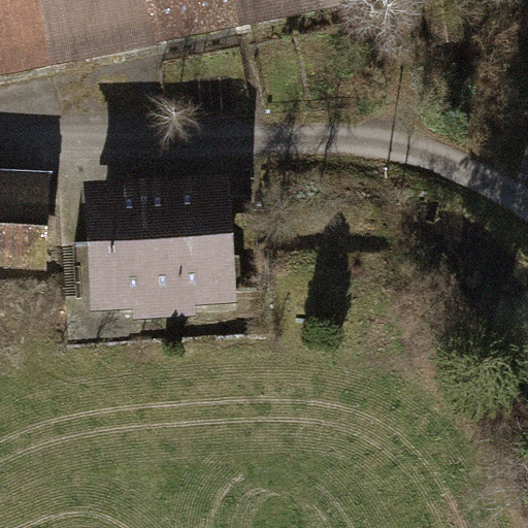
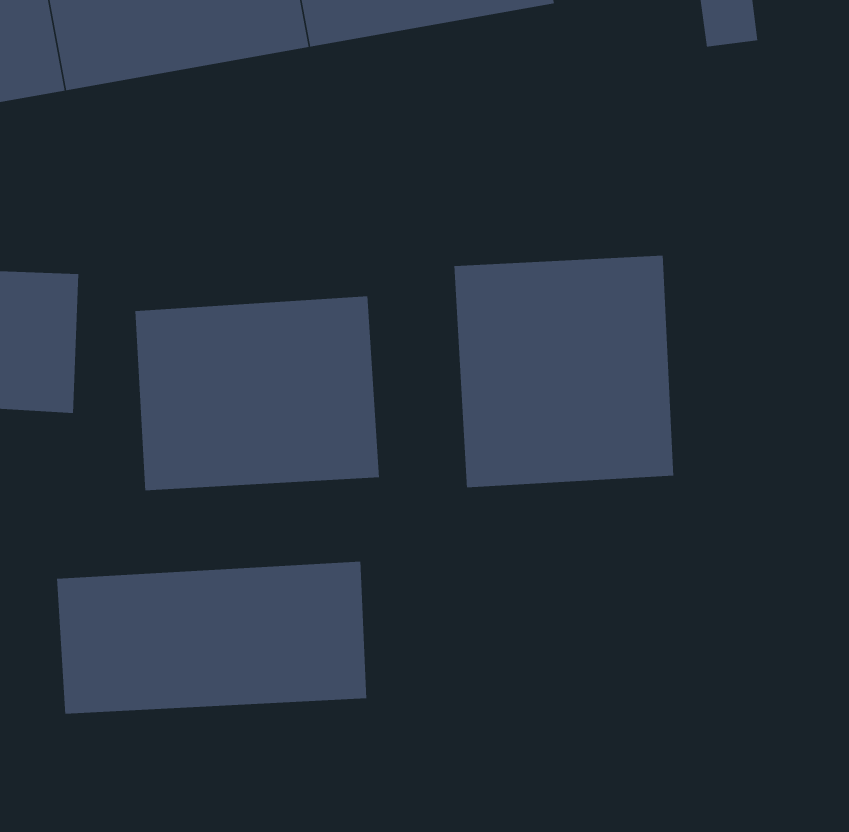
building: none -> [454,255,674,488]
building: none -> [57,561,367,715]

